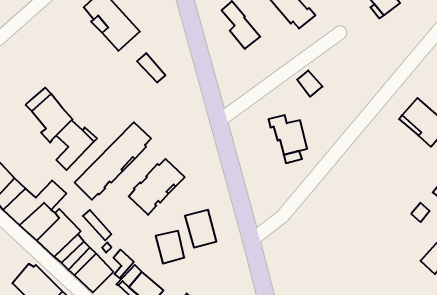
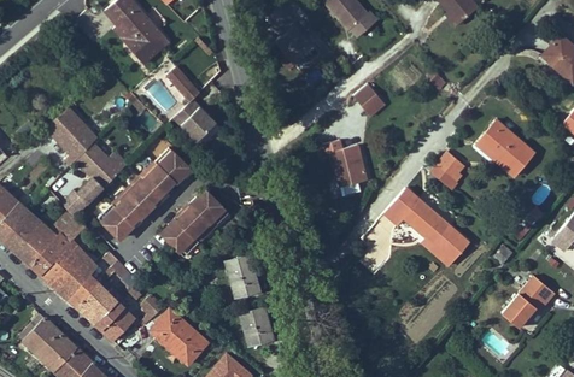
building: none -> [175,100,216,141]
building: none -> [432,152,465,190]
building: none -> [386,188,472,266]
building: [156,231,184,263] -> [240,306,274,344]

